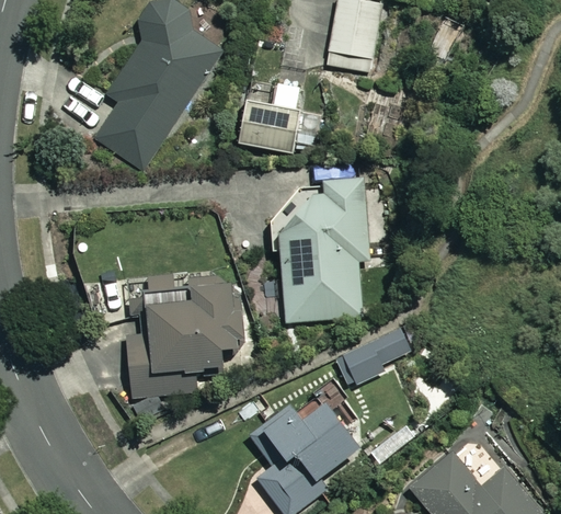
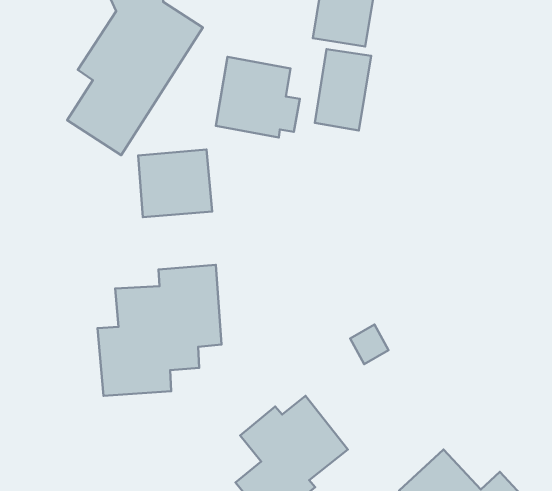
building: none -> [315,49,371,130]
building: none -> [138,150,212,217]
building: [275,181,373,324] -> none

